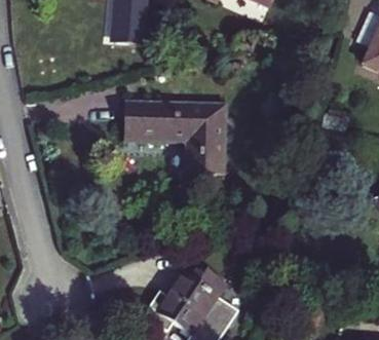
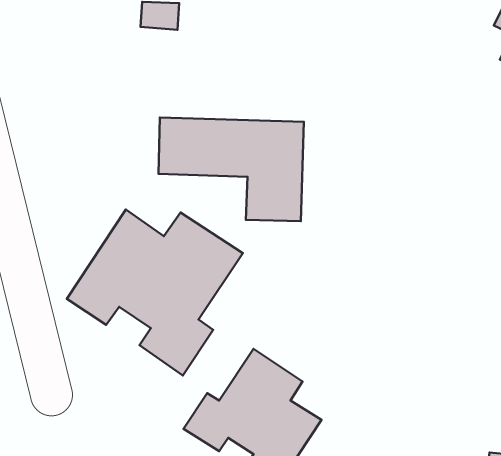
building: none -> [67,210,243,376]

